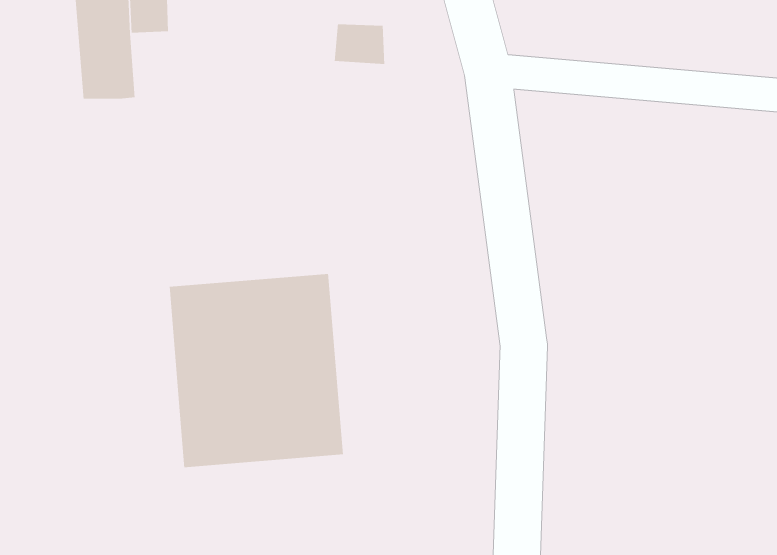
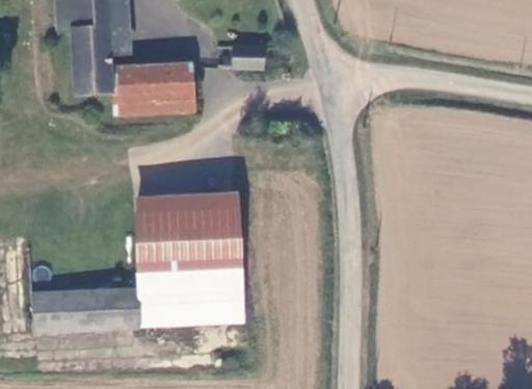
building: none -> [101,58,195,120]
building: none -> [31,285,141,332]

